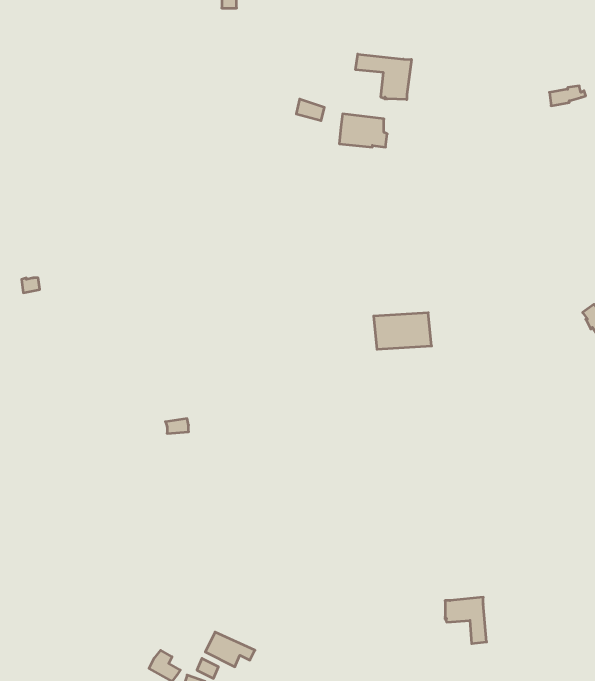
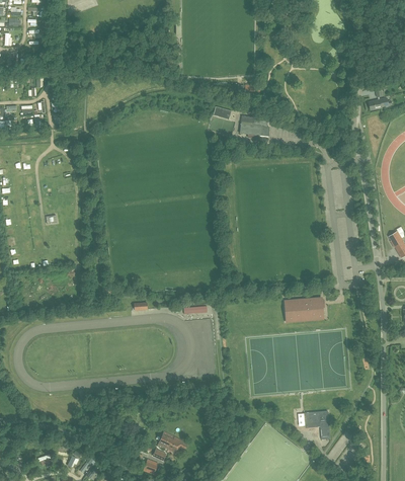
building: [356,54,411,100] -> none
building: [374,313,432,349] -> [287,299,322,321]

